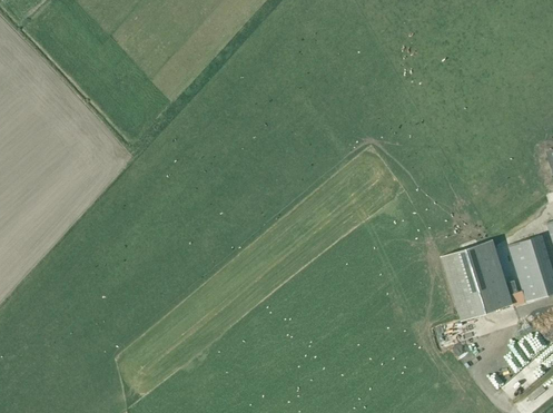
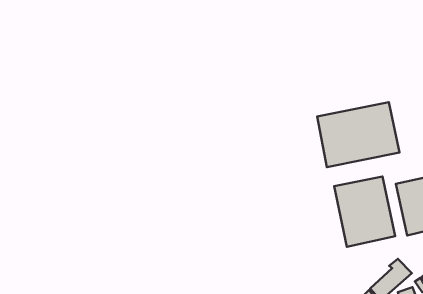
building: none -> [317,102,399,167]

